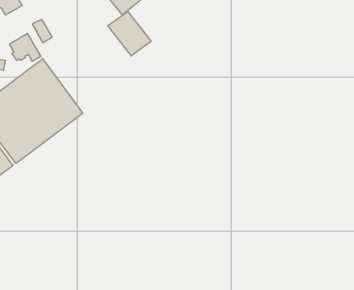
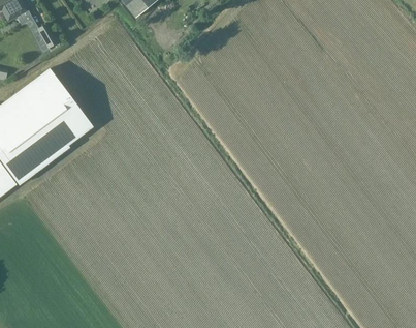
building: [108,11,151,56] -> none
building: [10,33,41,61] -> none

